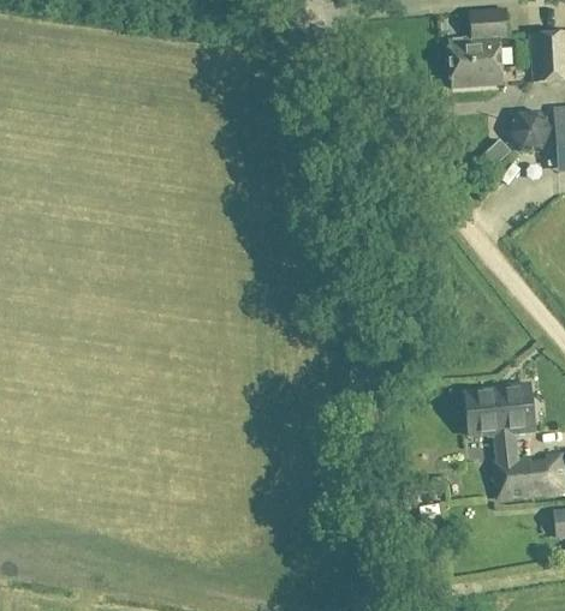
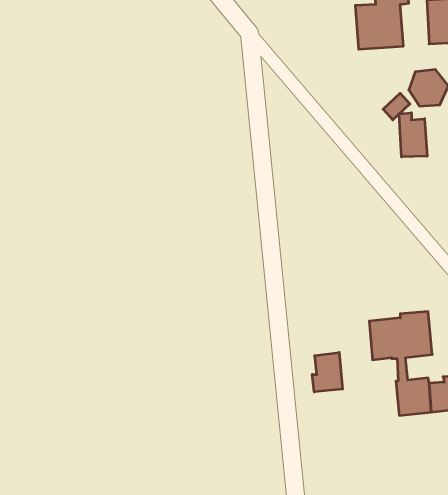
building: none -> [399,113,427,157]
building: none -> [312,352,343,392]

